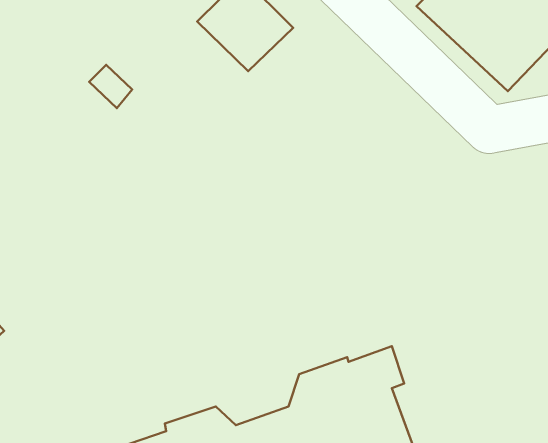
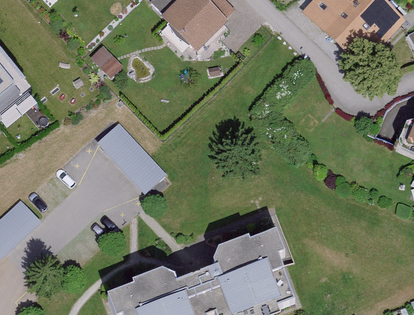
building: none -> [96,123,163,191]

